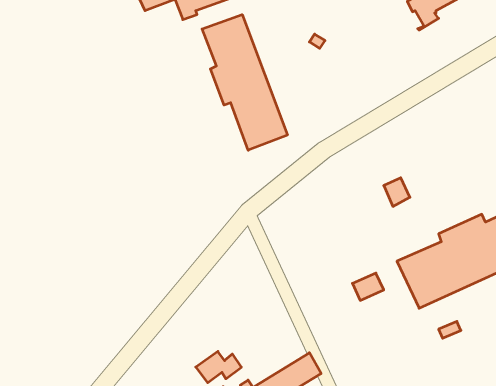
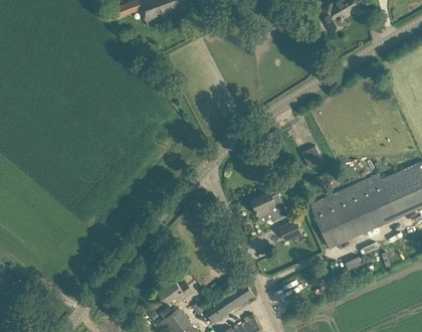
building: [202,15,287,150] -> none
building: none -> [250,192,286,220]

